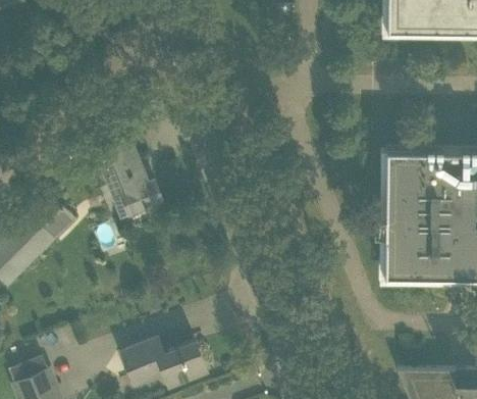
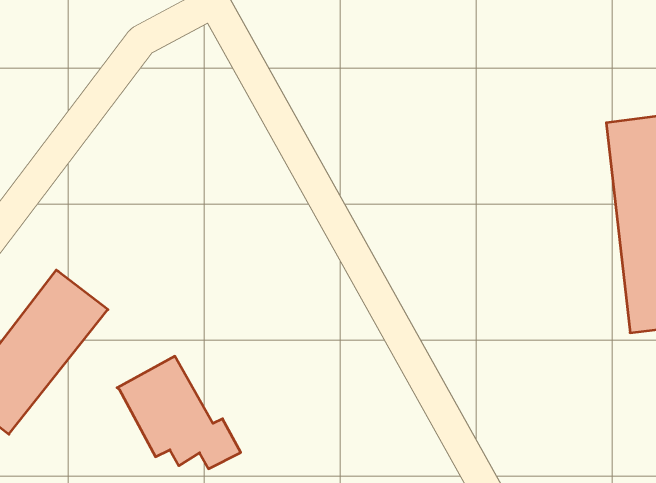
building: [96,142,164,211] -> [117,356,241,469]

